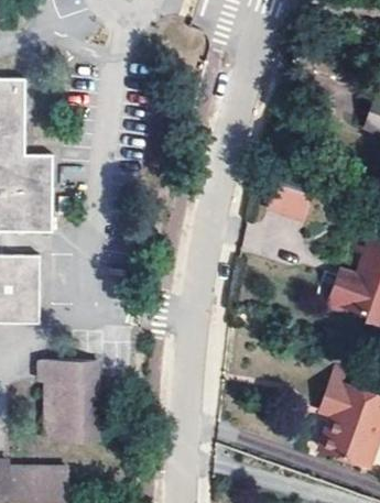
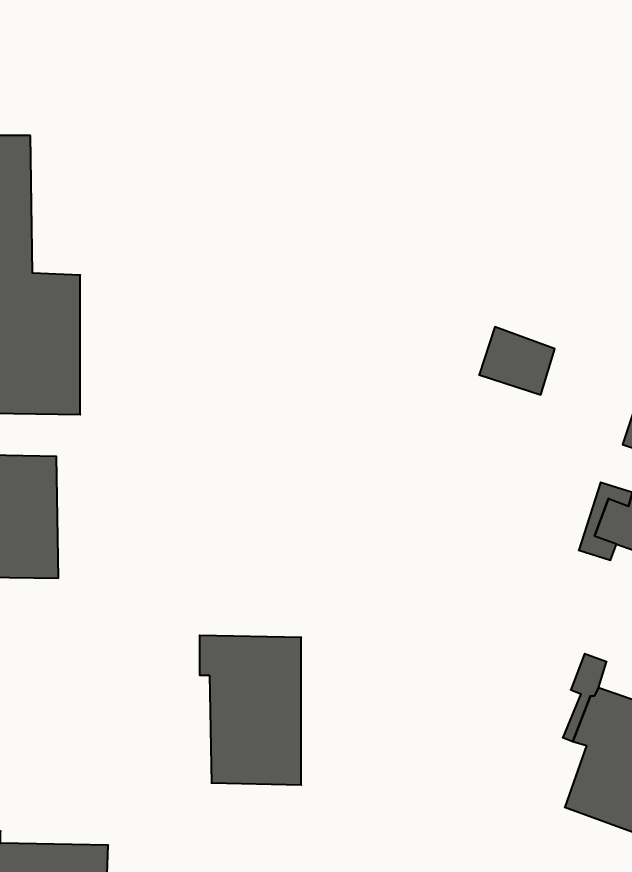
building: [40,360,96,442] -> [200,635,301,785]

